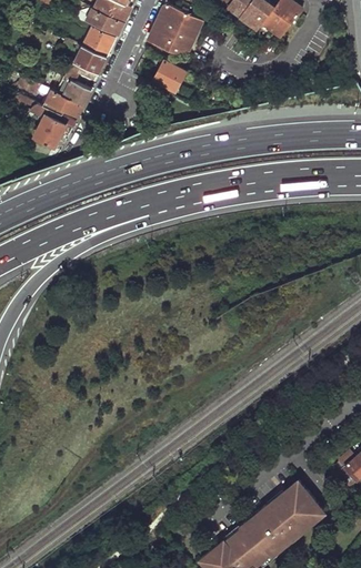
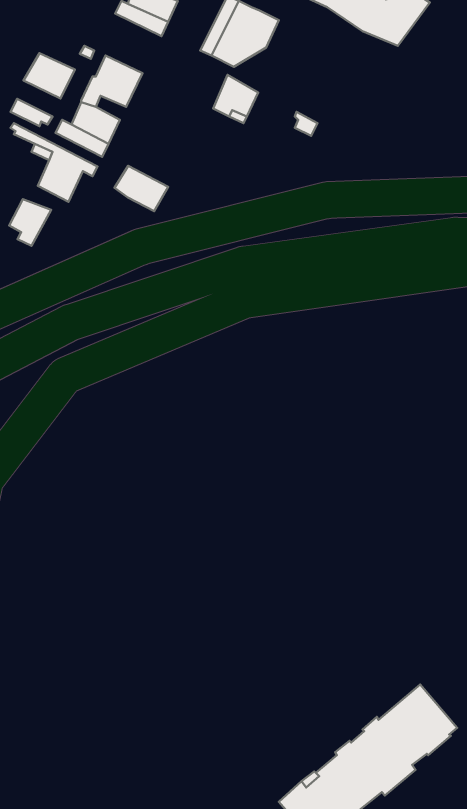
building: [80,28,116,59] -> [23,53,75,98]
building: none -> [114,166,168,211]
building: none -> [9,199,51,246]

